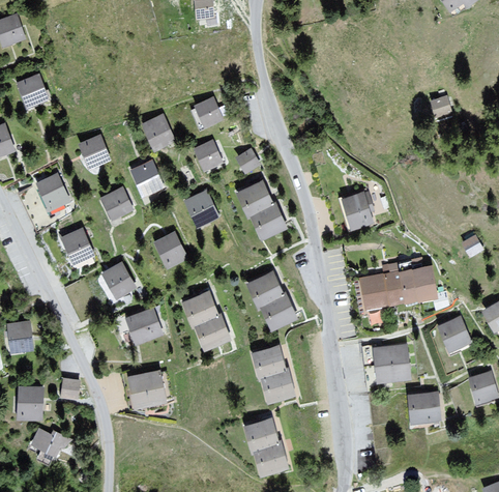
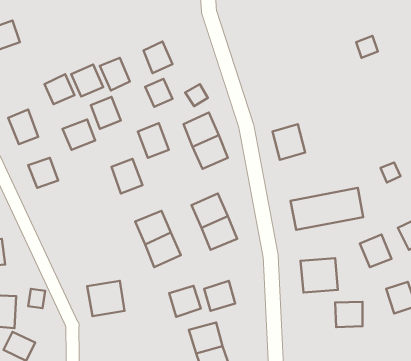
building: none -> [71,65,103,97]
building: [100,261,137,297] -> none
building: [125,308,165,345] -> none
building: [252,343,288,378] -> [169,286,201,317]

